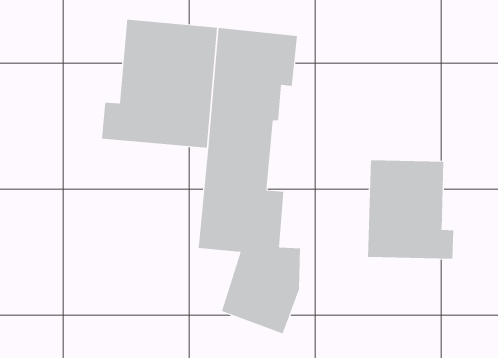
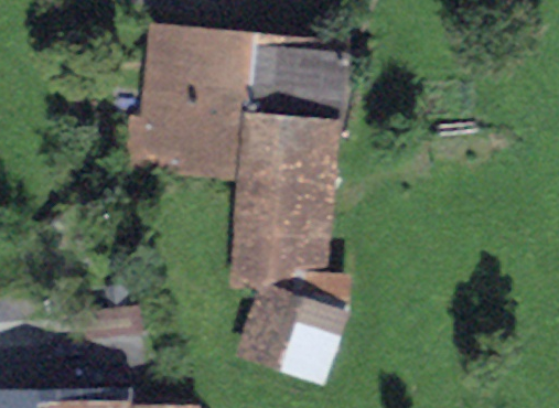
building: [368,160,454,260] -> none

